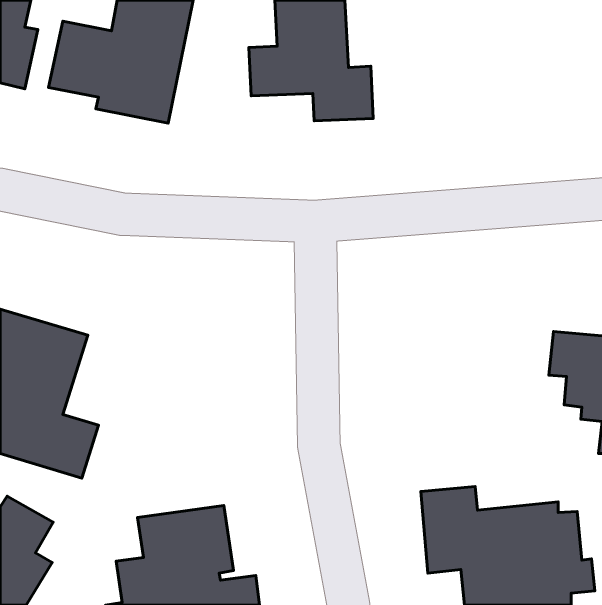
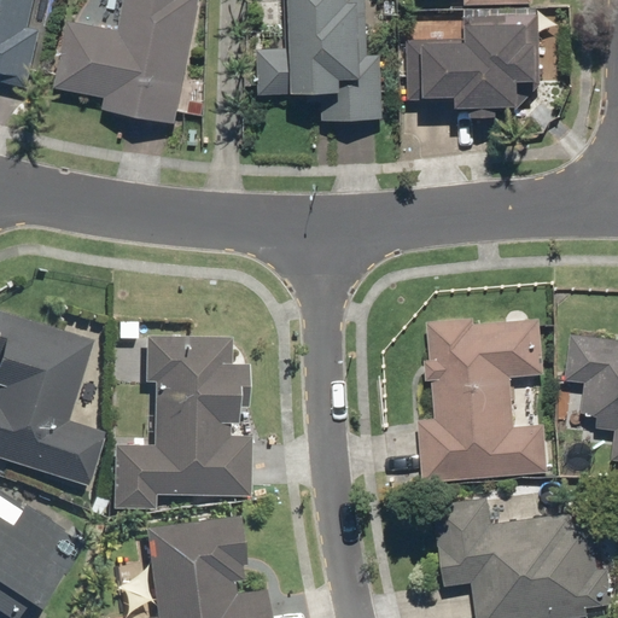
building: none -> [407,13,553,121]
building: none -> [419,316,550,484]
building: none -> [110,333,249,511]

